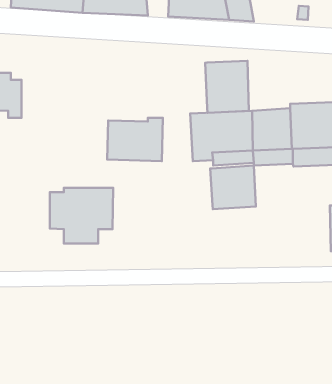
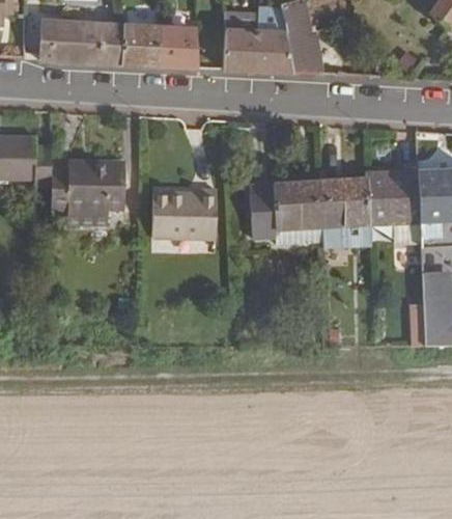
building: [205,61,249,113] -> none
building: [210,166,256,209] -> none
building: [50,188,113,243] -> [50,160,124,225]

